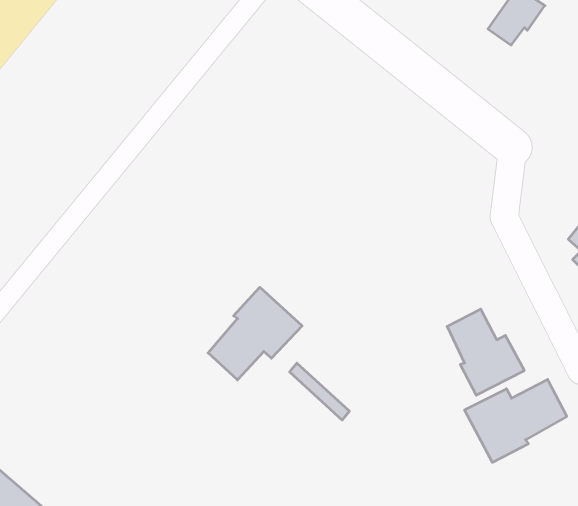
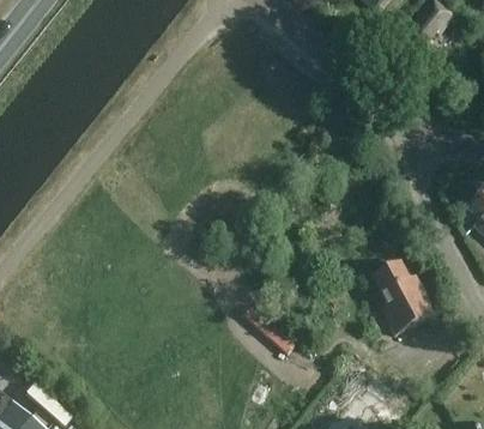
building: [208,287,302,380] -> none
building: [465,379,567,462] -> none

